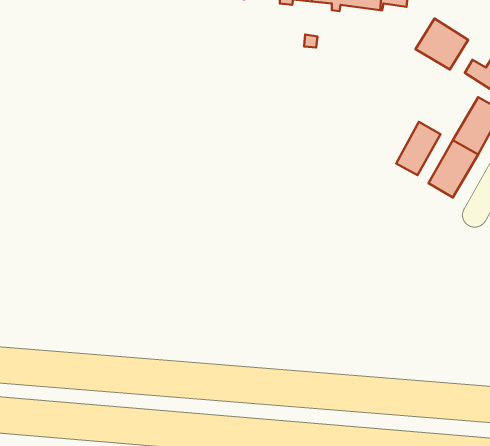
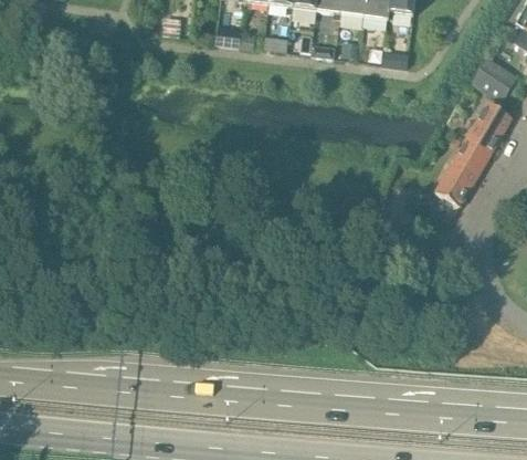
building: [415,19,468,70] -> none
building: [396,122,441,175] -> none

